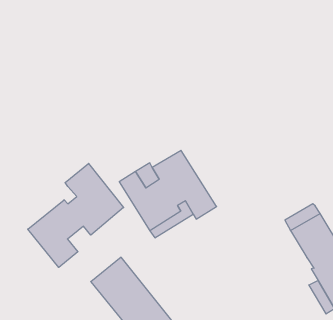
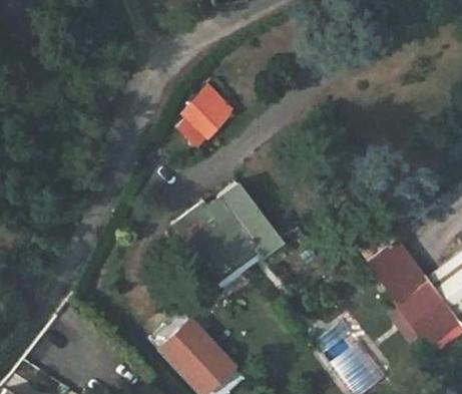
building: none -> [172,89,233,147]
building: [28,163,124,267] -> none

